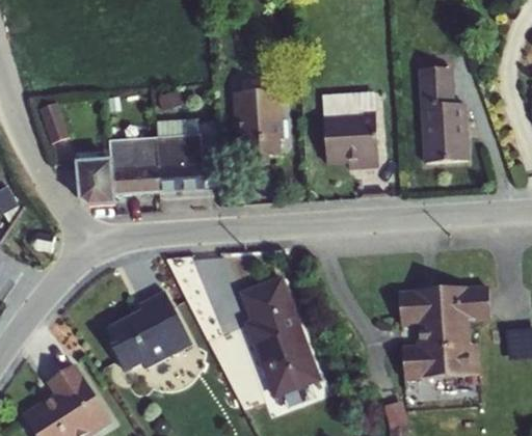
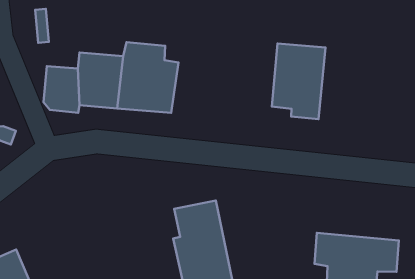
building: [417,66,469,163] -> none
building: [232,88,284,167] -> none
building: [107,288,193,372] -> none

